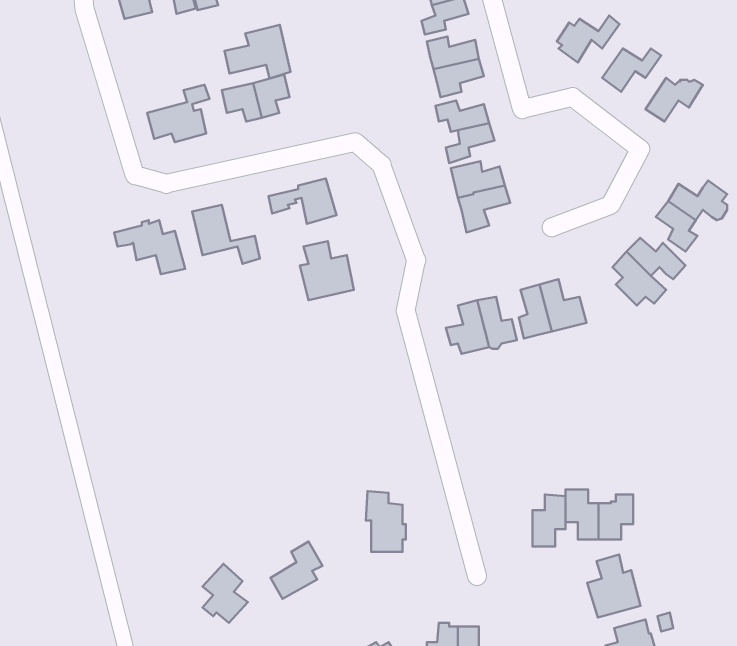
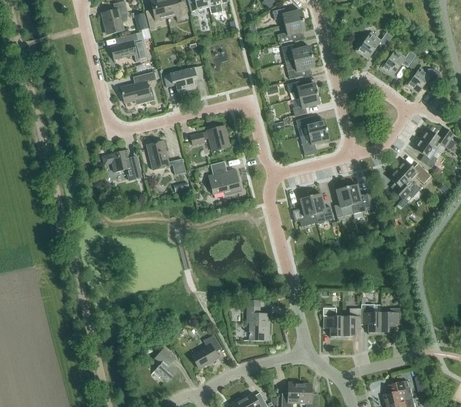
building: [224,25,290,79] -> [110,31,148,62]
building: none -> [323,307,342,337]
building: [587,555,640,618] -> none

